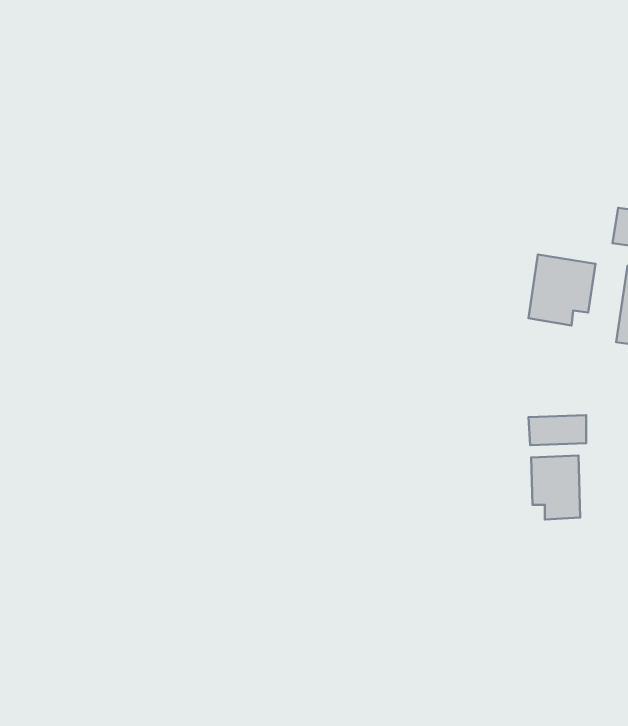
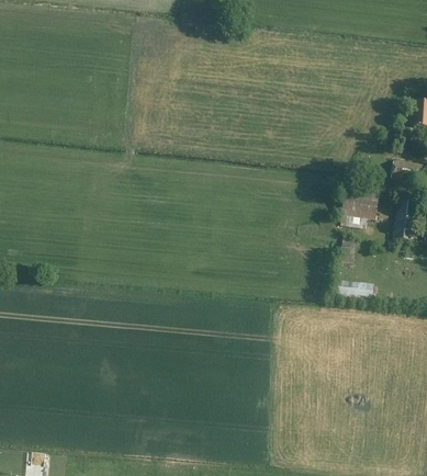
building: [531,455,580,519] -> none

